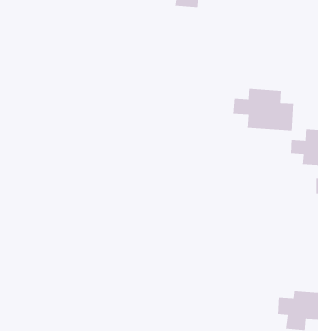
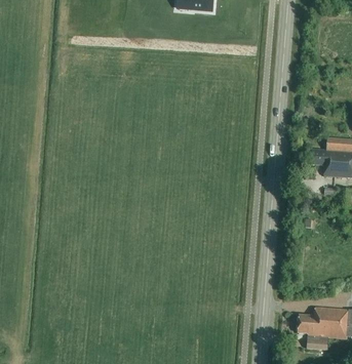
building: [233,88,294,131] -> none

